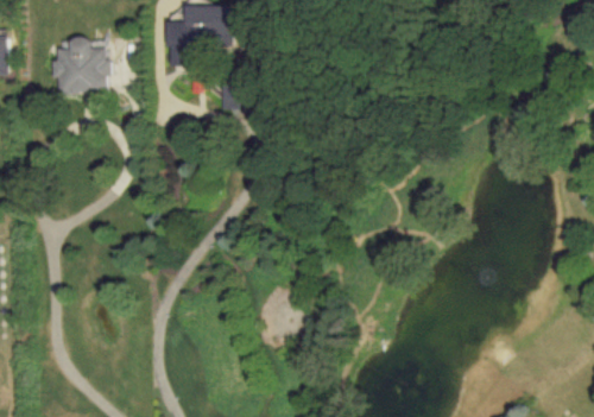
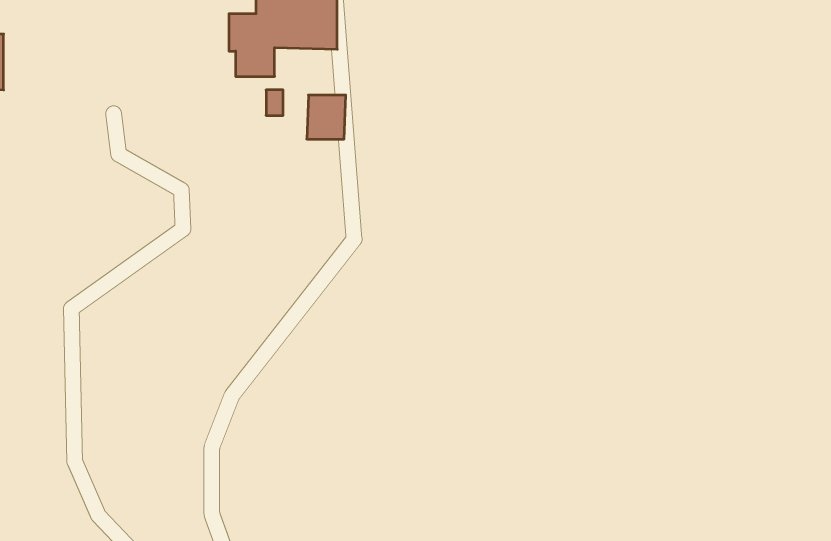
building: [53,39,108,93] -> none

